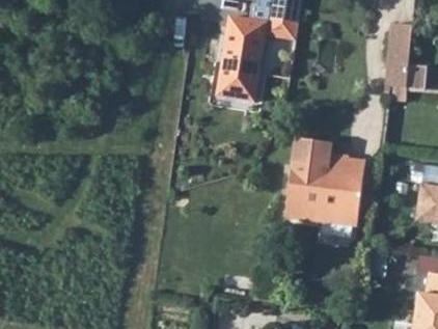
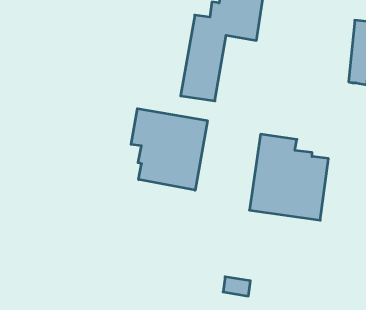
building: none -> [131,109,207,190]

